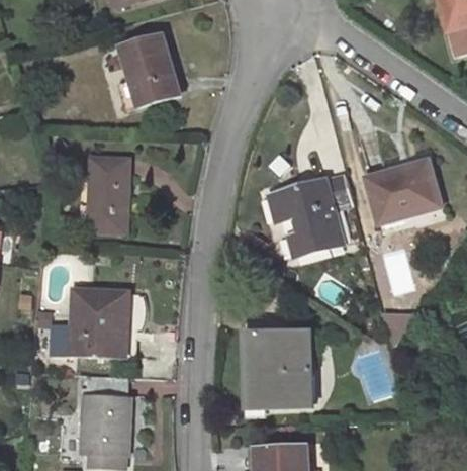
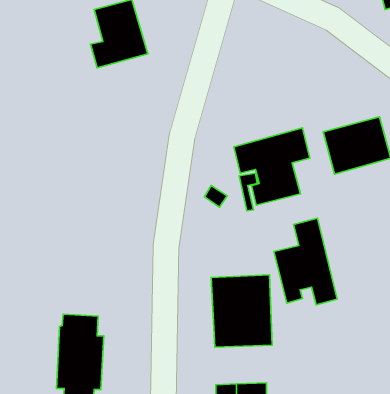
building: [87,157,129,232] -> none
building: none -> [274,218,337,305]
building: [51,289,128,358] -> none

